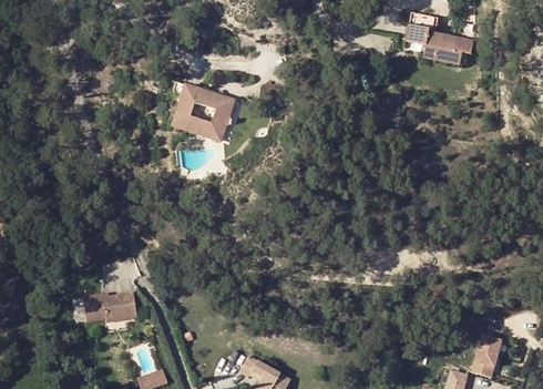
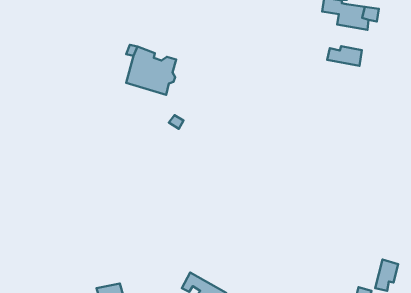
building: none -> [327,46,362,66]
building: [74,296,127,323] -> none

